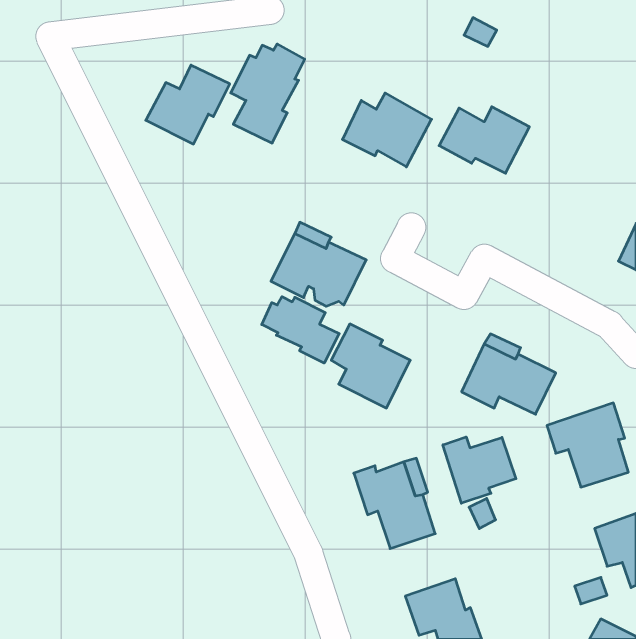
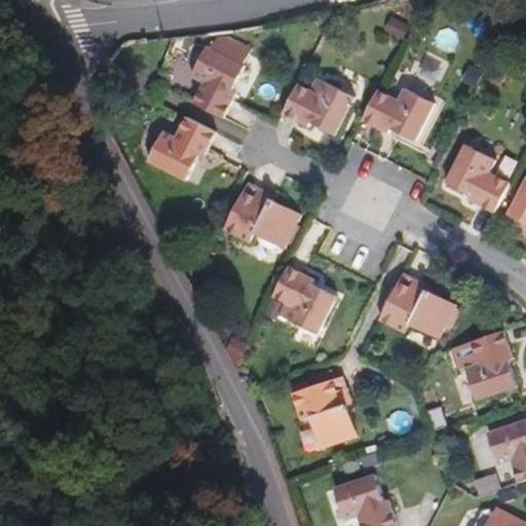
building: [146,65,230,144] -> [146,116,215,181]
building: none -> [444,144,508,213]
building: [262,297,339,363] -> none
building: [443,437,516,503] -> none

